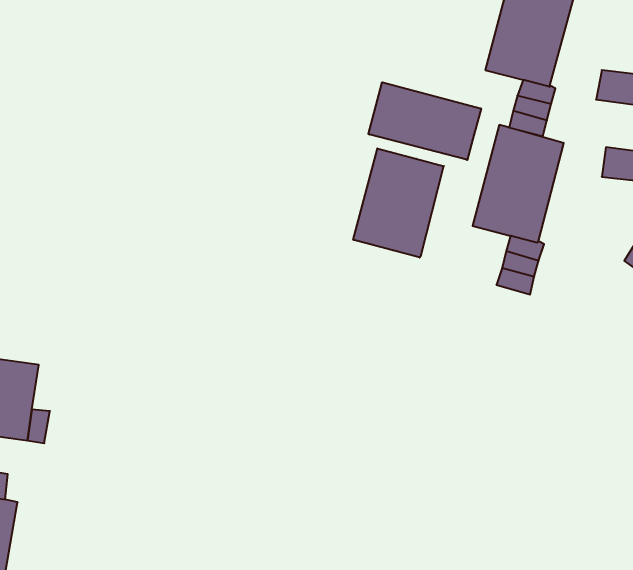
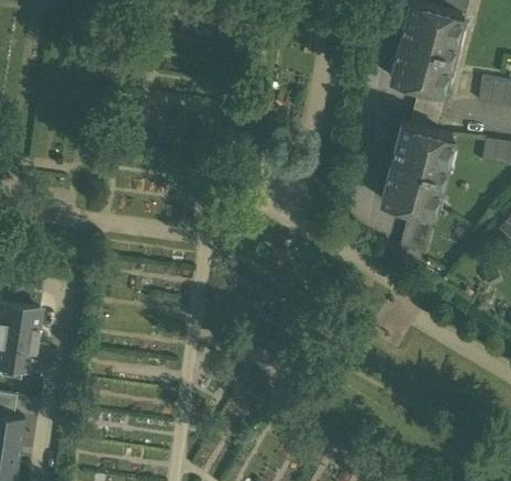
building: [368,82,481,160] -> none
building: [353,148,444,258] -> none

